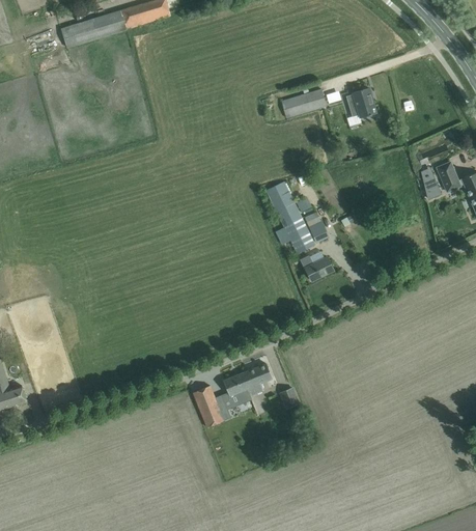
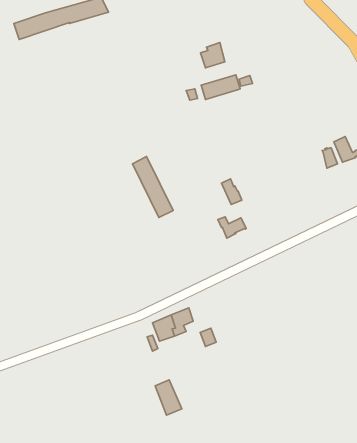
building: none -> [201,43,225,68]
building: [344,88,373,118] -> none
building: [265,181,313,253] -> [132,157,173,218]
building: [192,386,223,427] -> [155,380,182,415]

